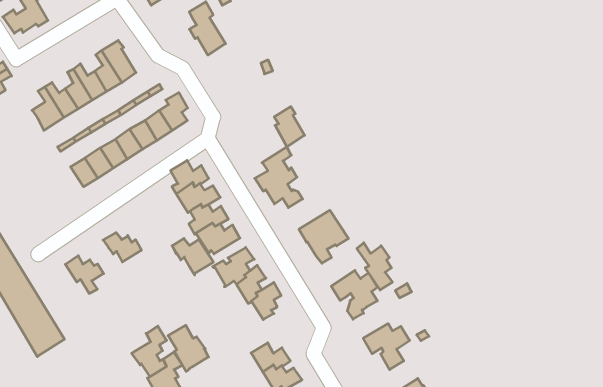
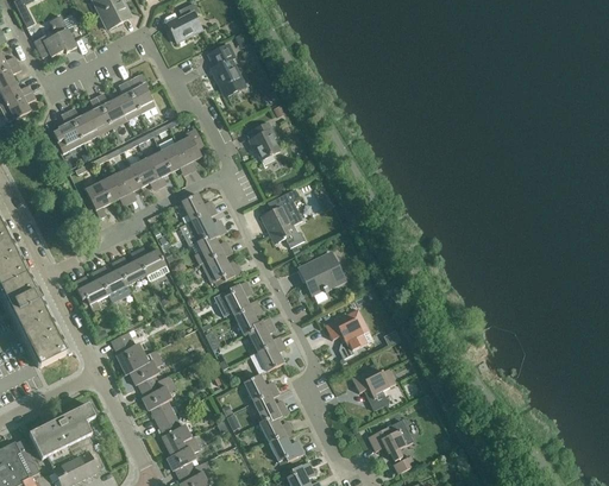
building: [274,107,305,147] -> [251,121,278,159]
building: [172,238,213,275] -> [131,246,169,282]
building: [357,243,392,290] -> none
building: none -> [92,265,132,302]
building: none -> [250,335,285,373]
building: [168,325,209,371] -> [111,330,147,374]

